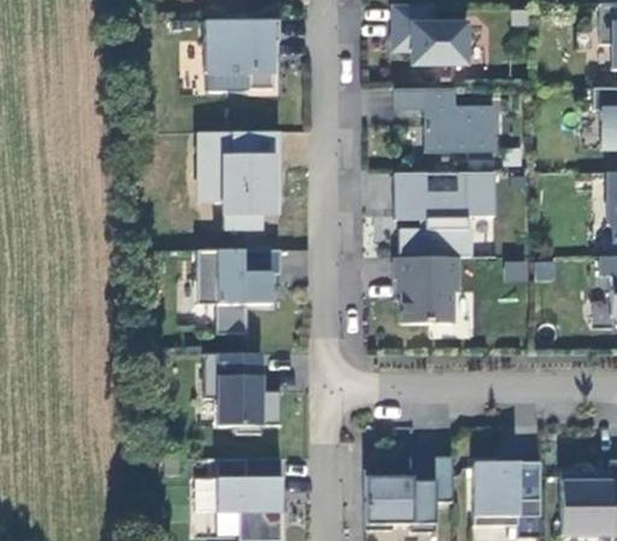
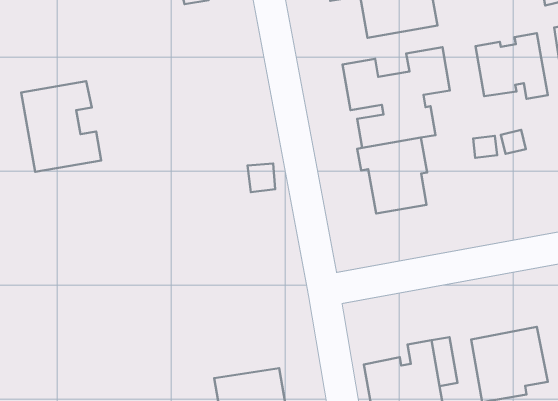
building: [215,133,281,212] -> [21,81,101,172]
building: none -> [475,33,548,99]
building: [198,249,281,334] -> none
building: [204,352,281,433] -> none

